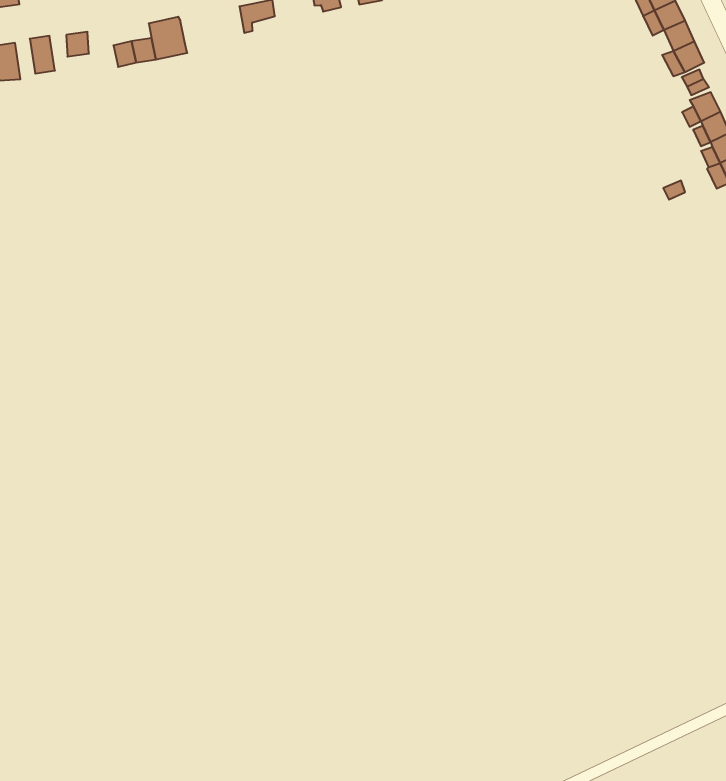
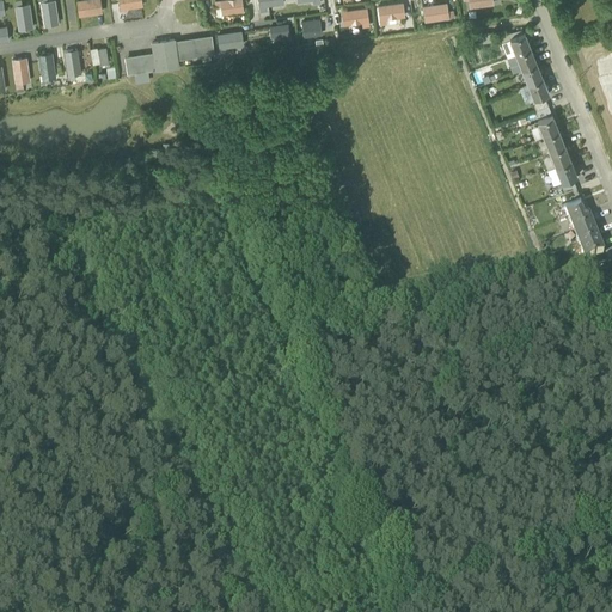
building: none -> [176,37,214,59]

